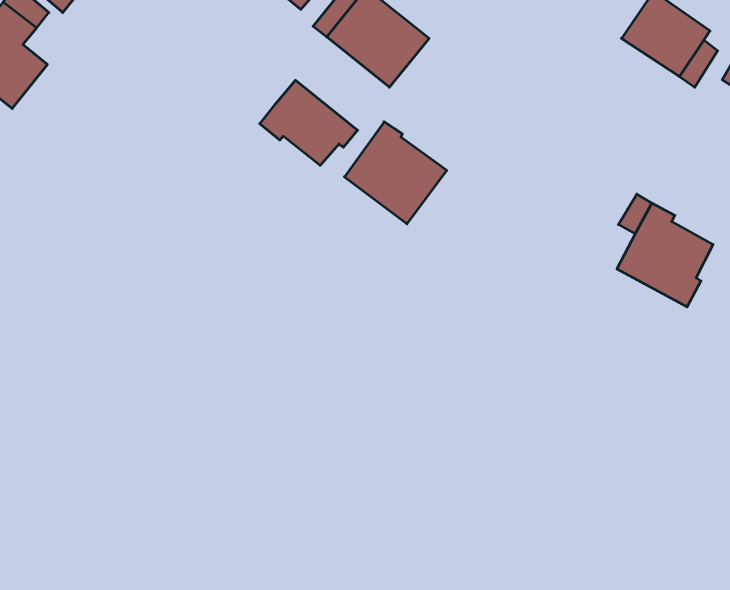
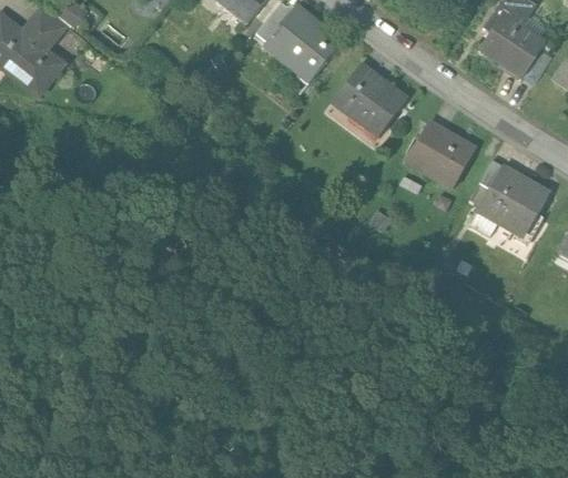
building: [260,80,358,165] -> none
building: [344,122,447,224] -> [332,62,406,136]
building: none -> [406,122,475,186]

